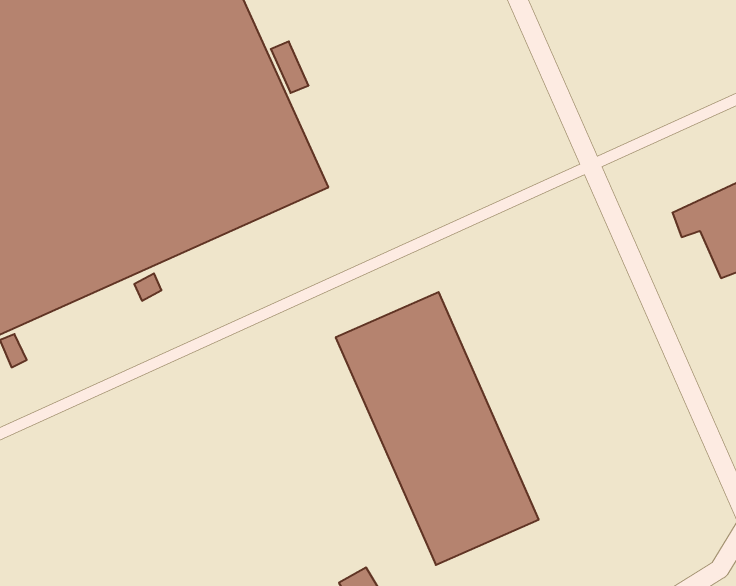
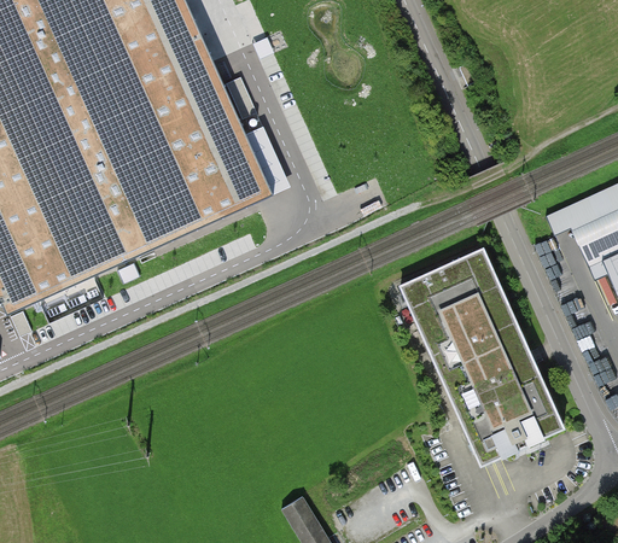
building: [336,292,539,565] -> [395,247,556,465]

